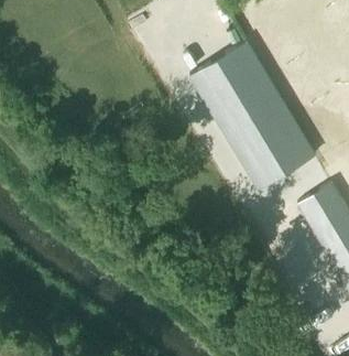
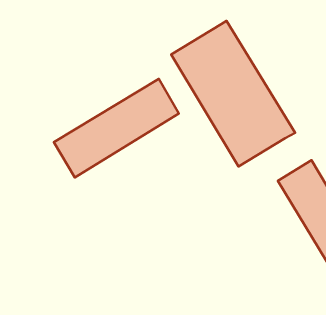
building: none -> [54,79,179,177]

